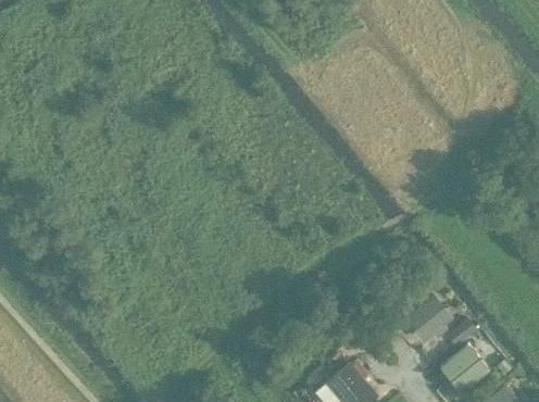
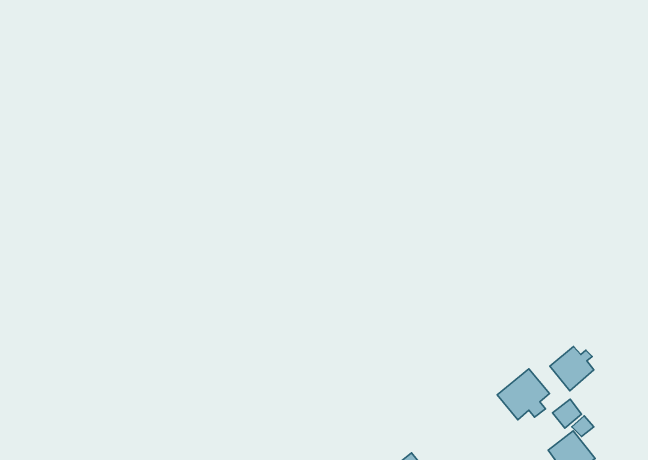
building: none -> [550,347,594,391]

